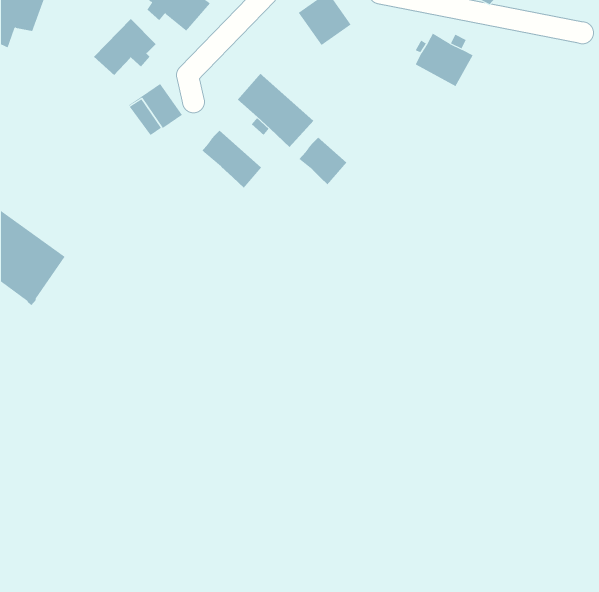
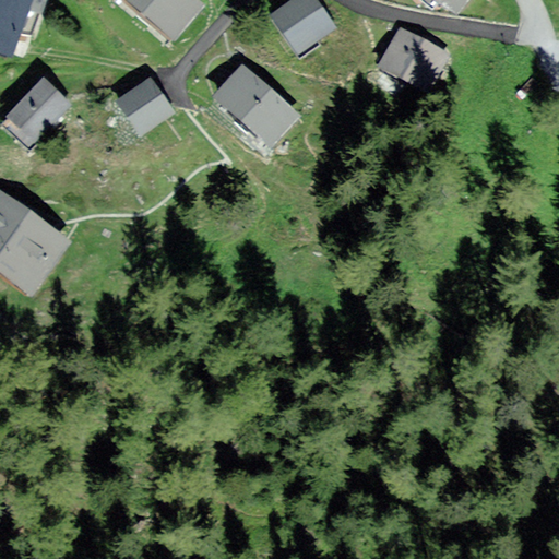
building: [93,18,156,76] -> [9,76,68,130]
building: [202,130,262,188] -> none
building: [298,137,347,185] -> none

